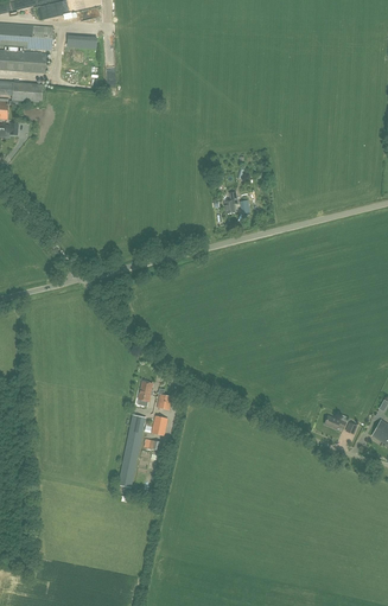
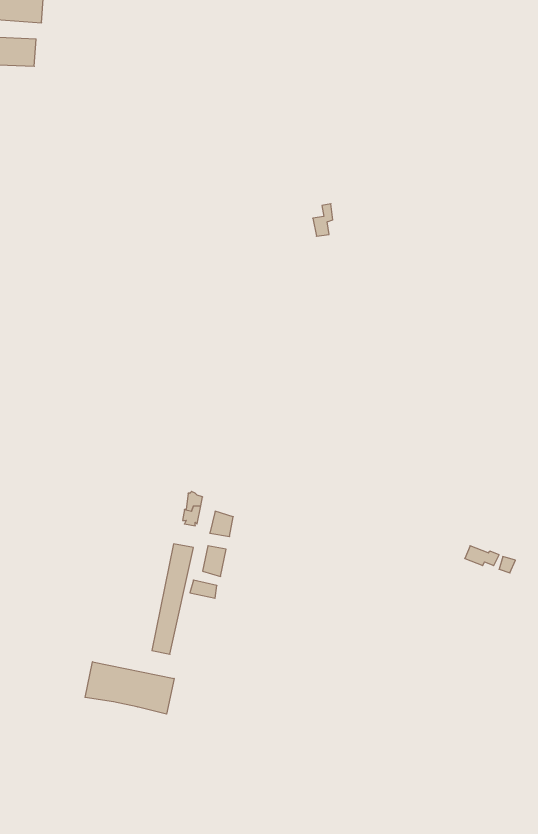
building: none -> [85,662,174,714]

